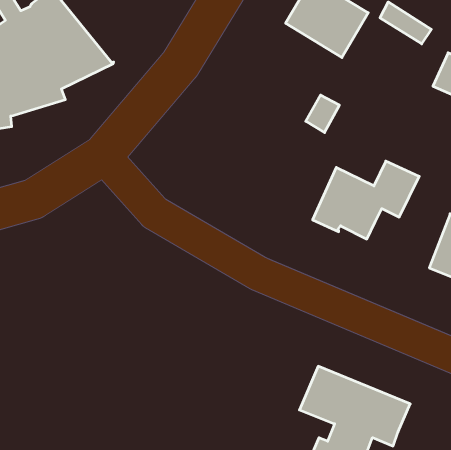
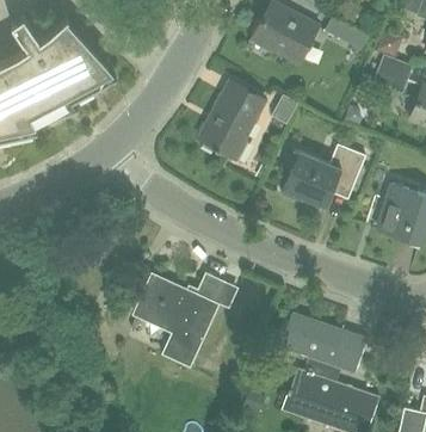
building: none -> [199,80,265,159]
building: none -> [137,271,226,366]

